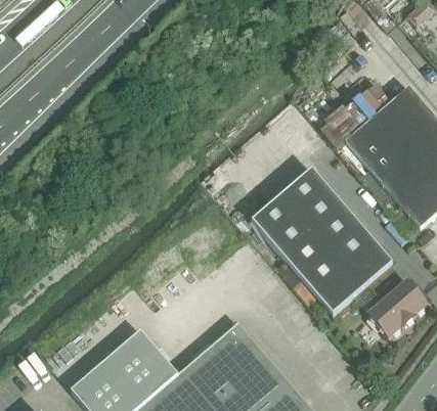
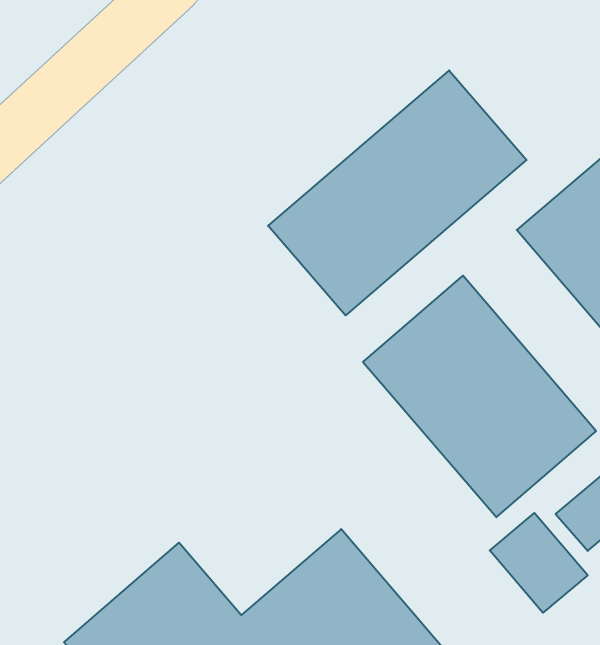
building: none -> [268,70,527,315]
building: none -> [490,513,588,613]

